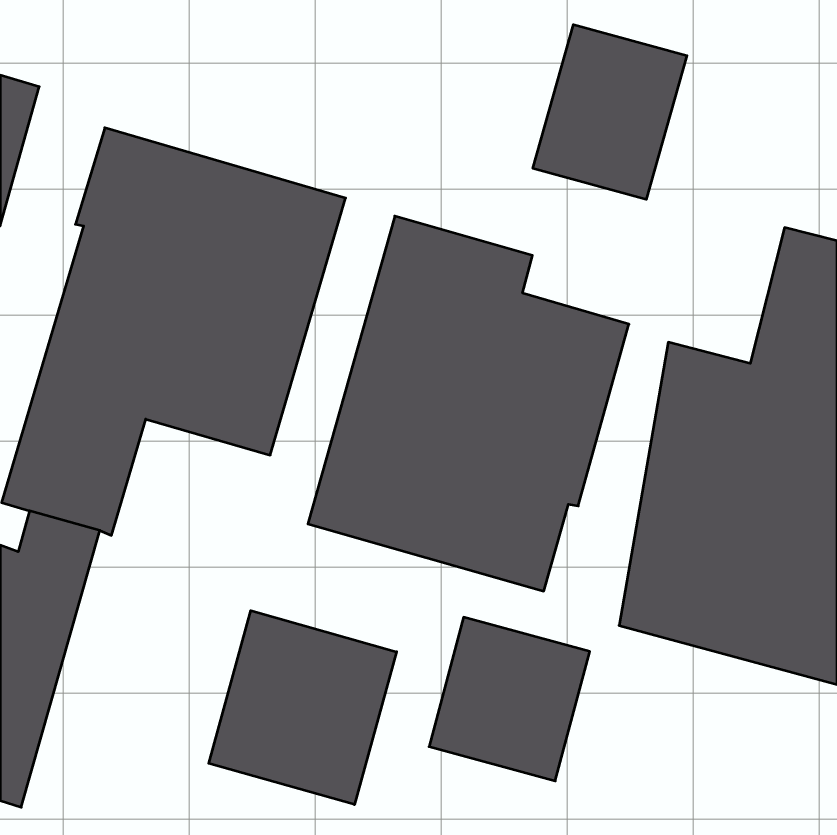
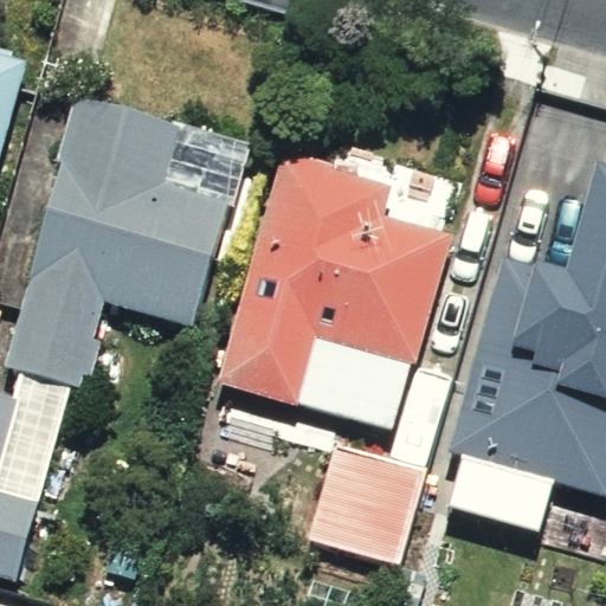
building: [533,25,687,199] -> none
building: [209,611,397,805] -> none

